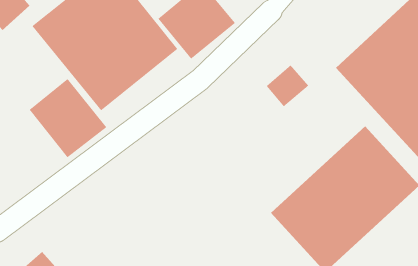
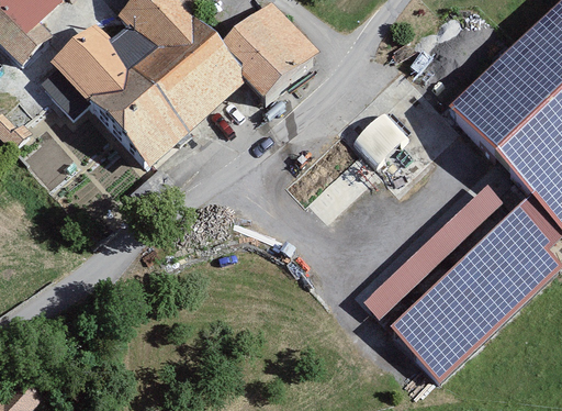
building: [29,78,107,158] -> none

